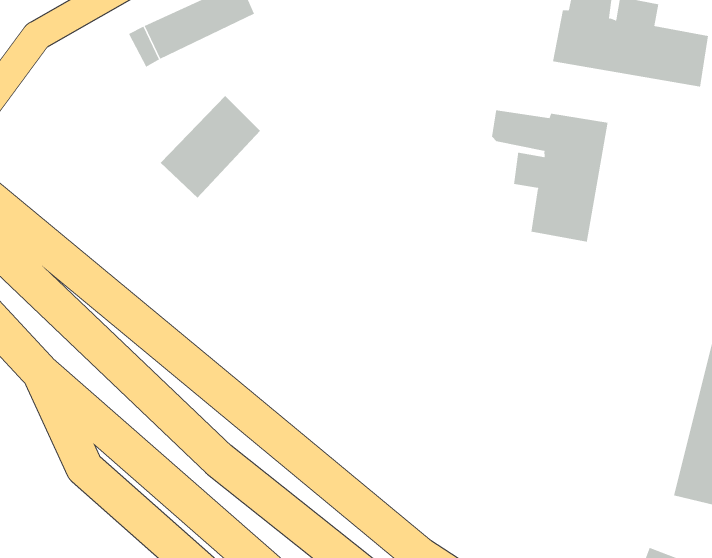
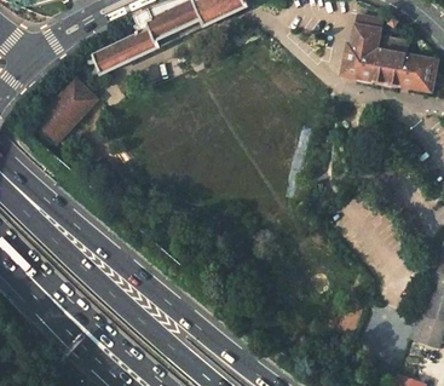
building: [160,95,261,198] -> [36,79,98,142]
building: [491,110,608,243] -> none

